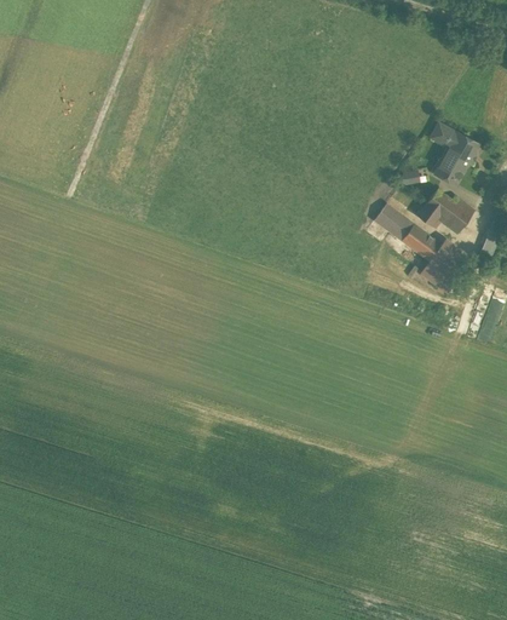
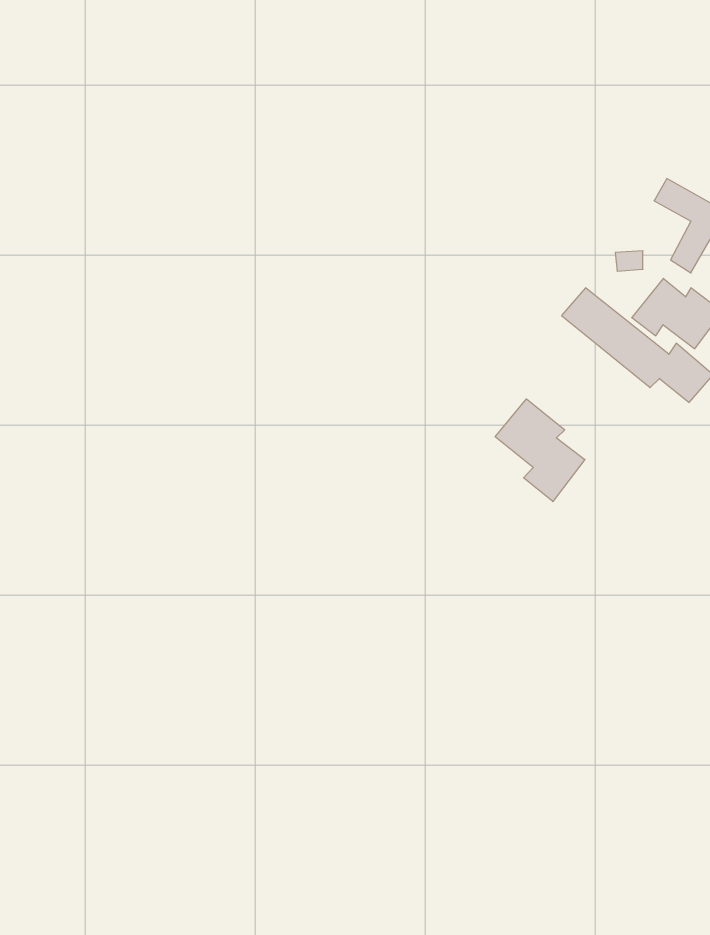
building: none -> [495,399,585,502]

